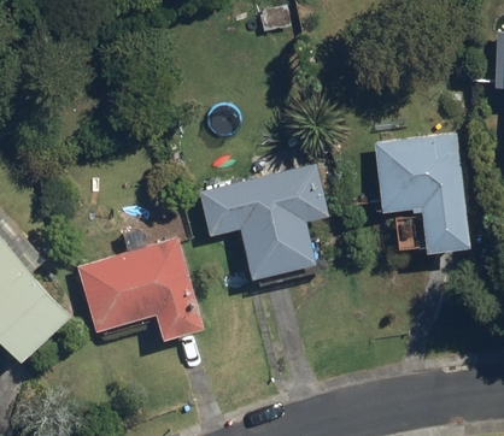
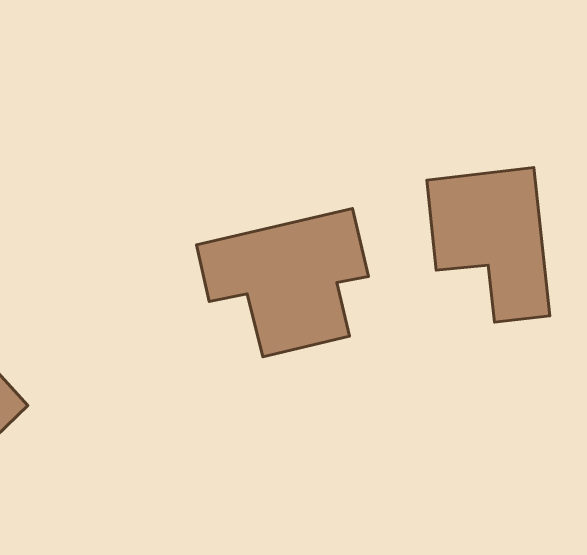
building: [77,240,203,340] -> none

